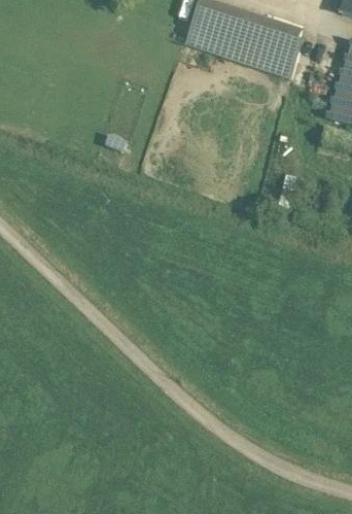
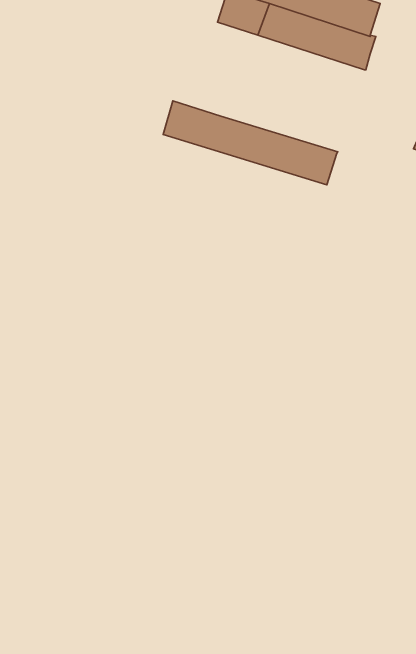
building: none -> [163,101,338,185]

